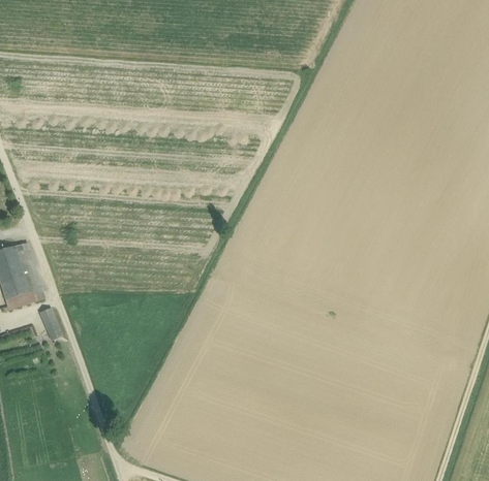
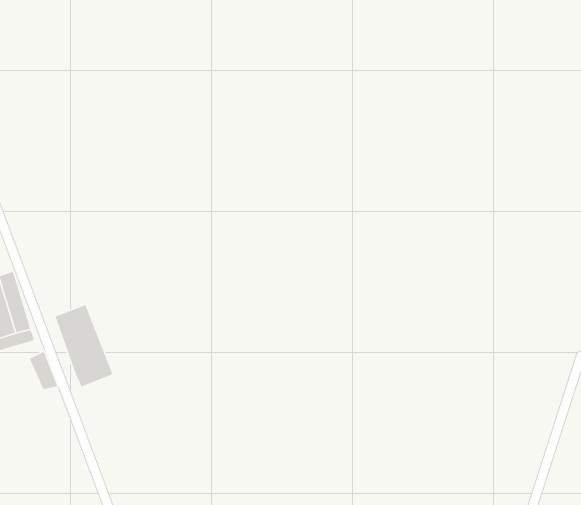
building: none -> [54,304,113,388]

